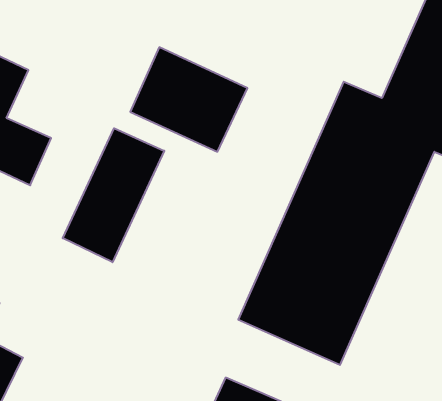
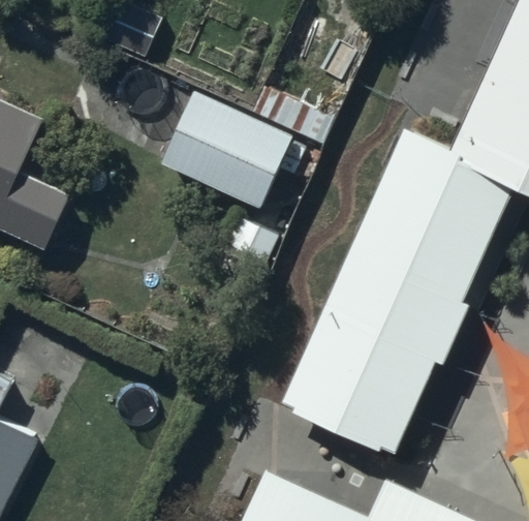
building: [63,128,164,262] -> none

